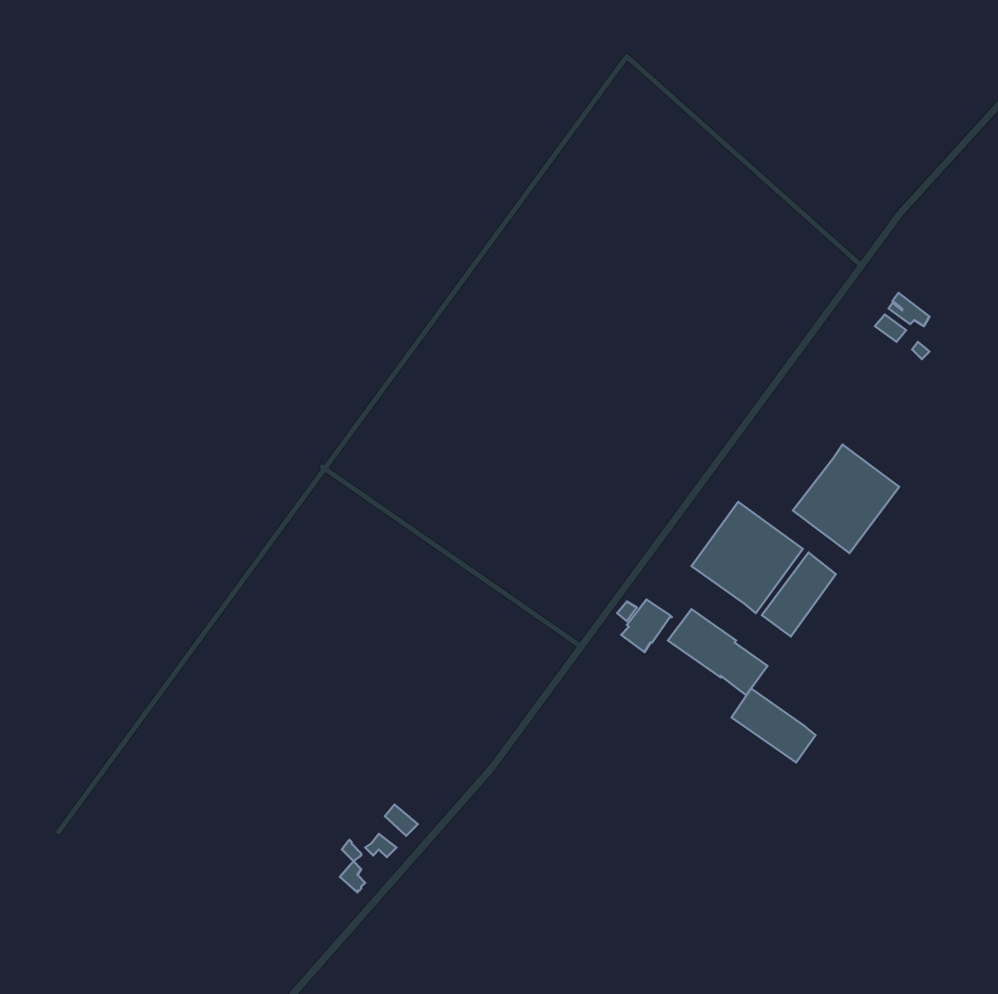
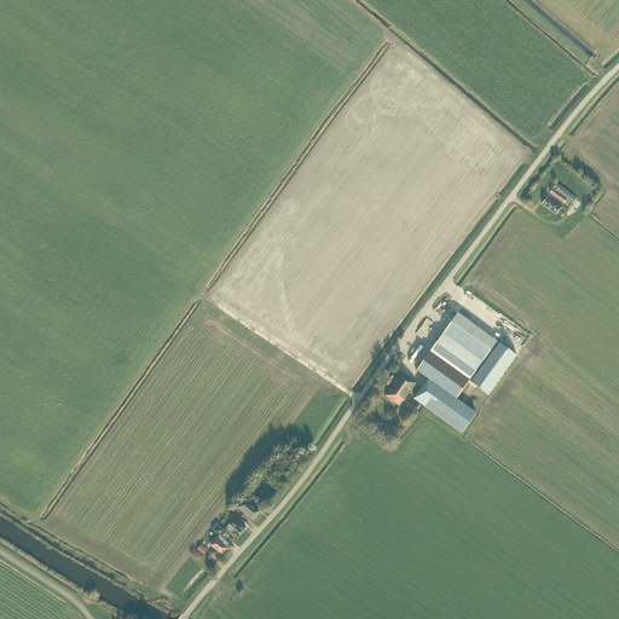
building: [793,444,899,553] -> none
building: [732,688,816,763] -> [416,351,468,397]

